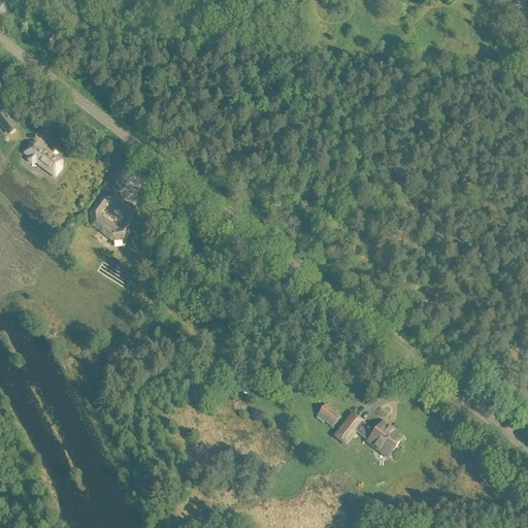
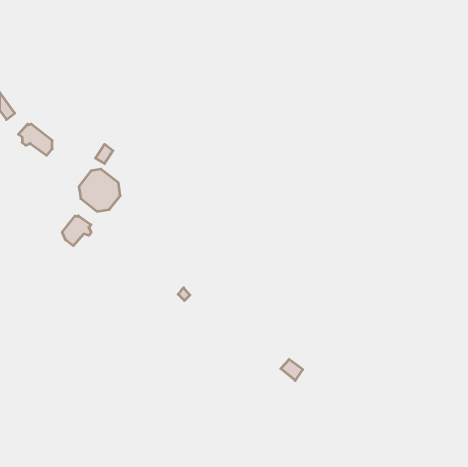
building: none -> [62,216,91,246]
building: [333,411,402,457] -> none

